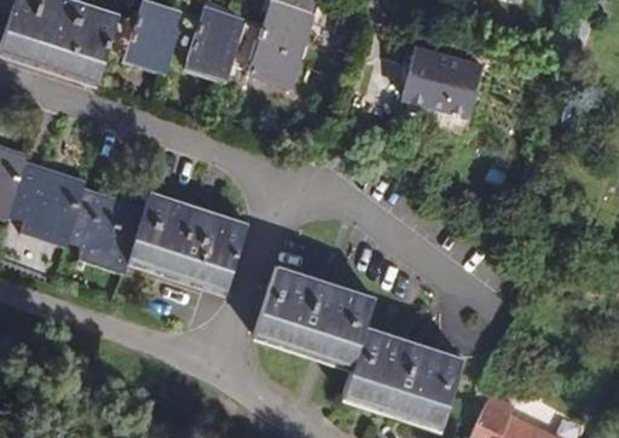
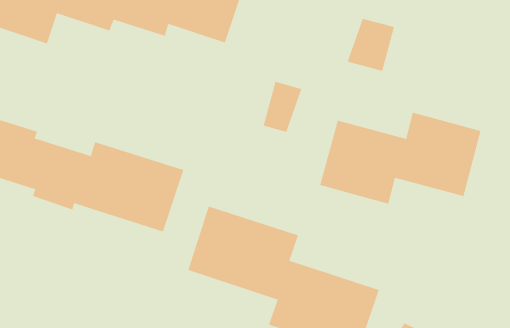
building: [401,48,445,105] -> [263,81,302,132]
building: none -> [319,112,481,205]

